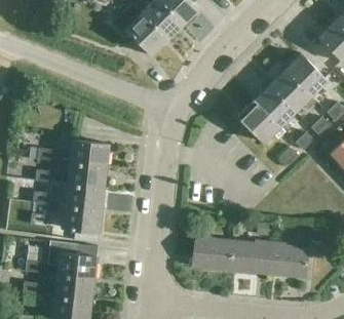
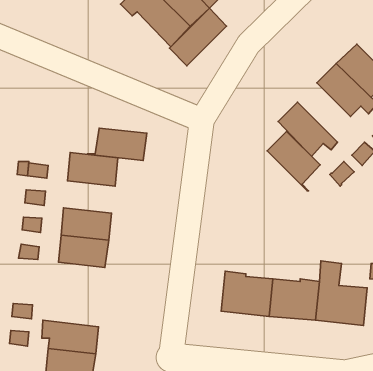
building: none -> [170,8,227,66]
building: [253,85,295,132] -> [267,131,320,191]
building: [61,163,108,189] -> [88,128,147,160]
building: [46,242,98,279] -> none

